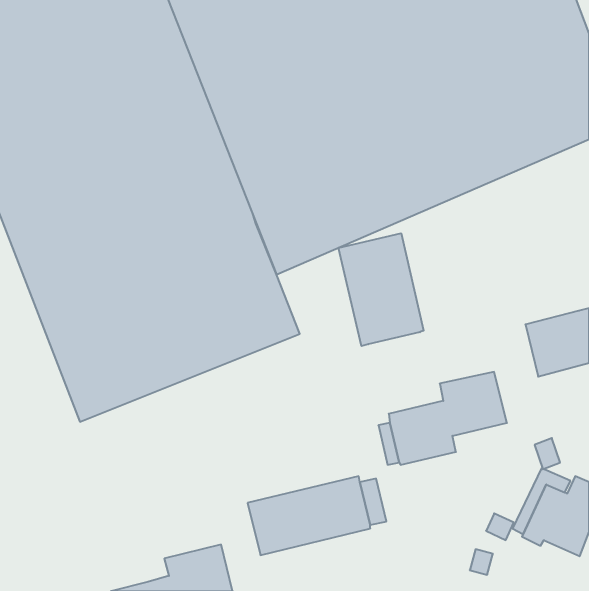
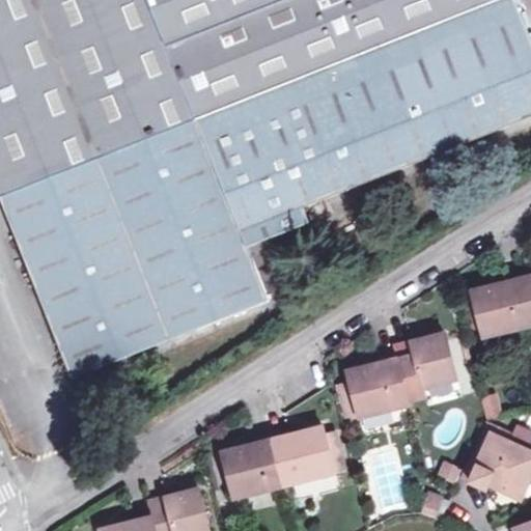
building: [338,233,424,346] -> none

